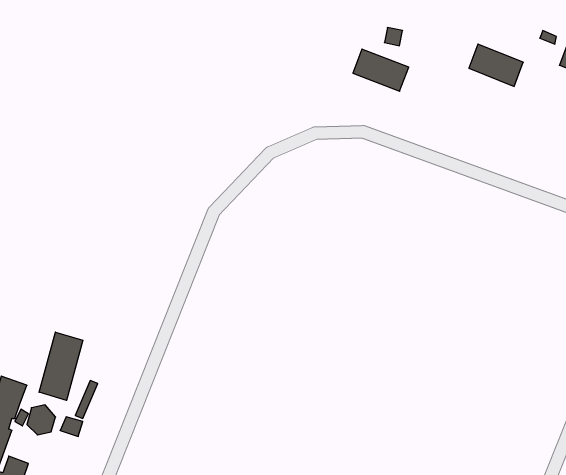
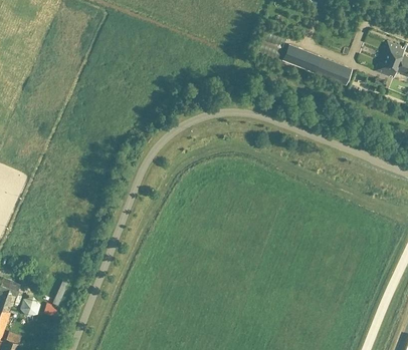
building: [353,49,409,91] -> [285,45,323,73]
building: [39,332,83,400] -> none

